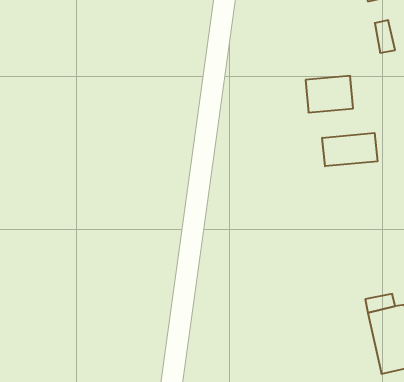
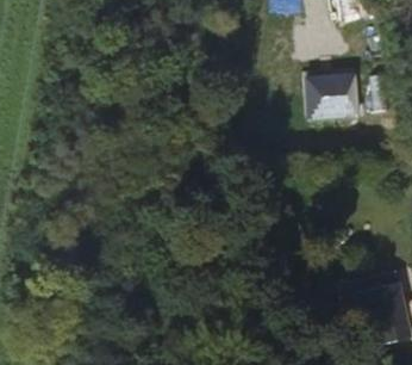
building: [322,133,377,166] -> none

